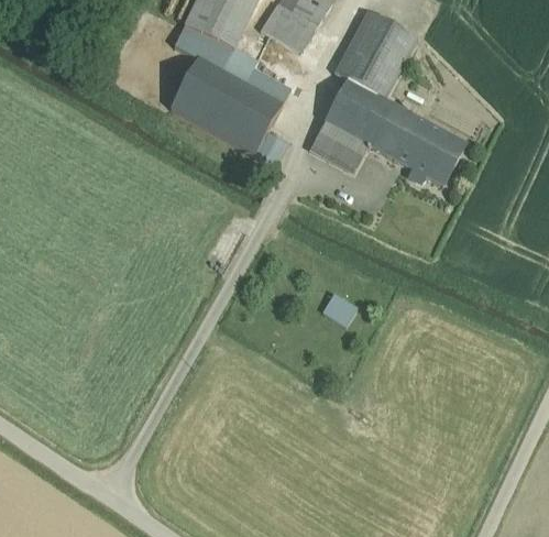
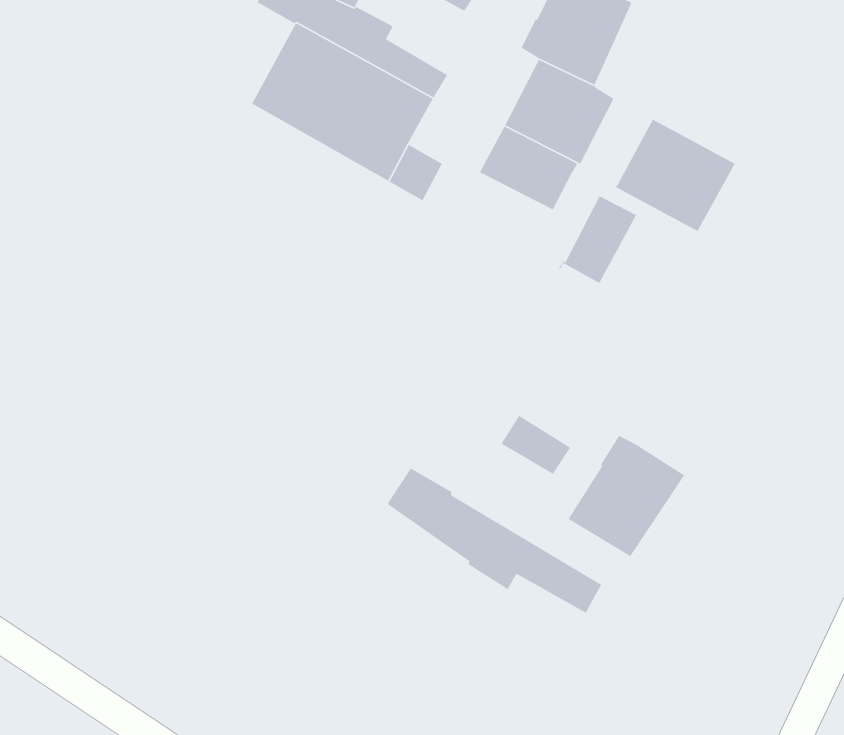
building: [367,103,416,157] -> [558,195,637,284]
building: none -> [567,435,685,557]
building: none -> [386,467,602,614]

